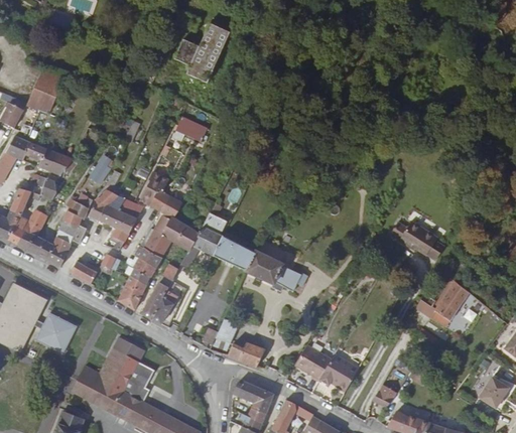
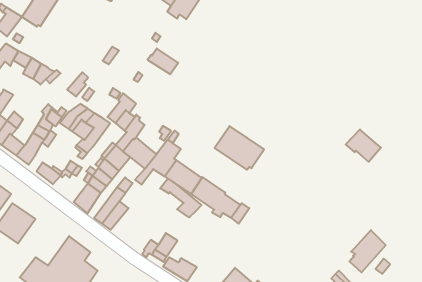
building: [35,173,58,199] -> none
building: none -> [215,126,264,170]
building: [398,221,437,255] -> [346,129,381,162]
building: none -> [160,178,202,217]

